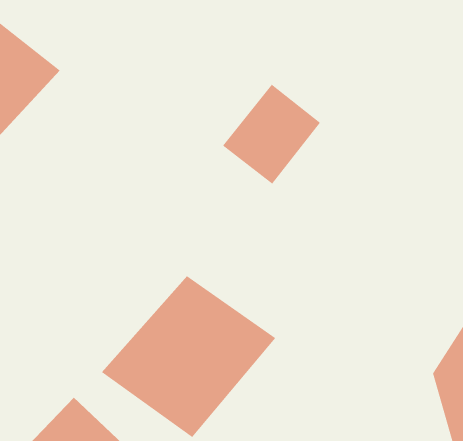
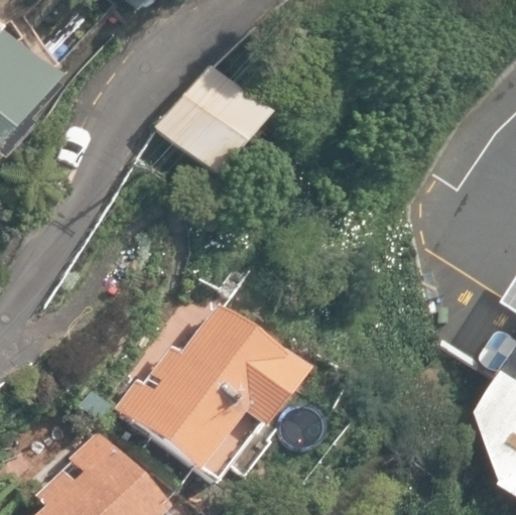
building: [222,84,321,184] -> [162,70,267,176]

